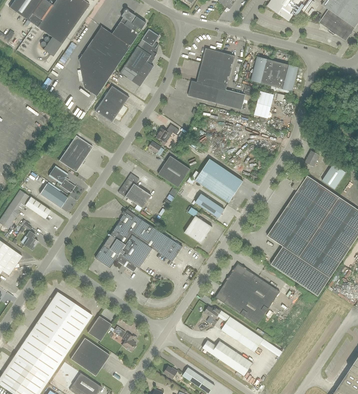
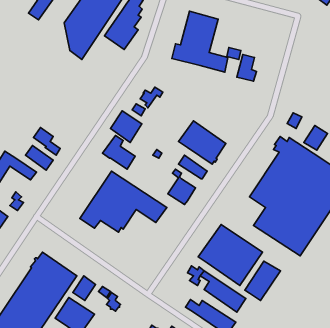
building: [260,58,290,88] -> none
building: [95,85,129,122] -> none
building: [59,135,93,172] -> none
building: [158,155,190,187] -> [110,111,142,142]
building: none -> [245,261,280,301]

